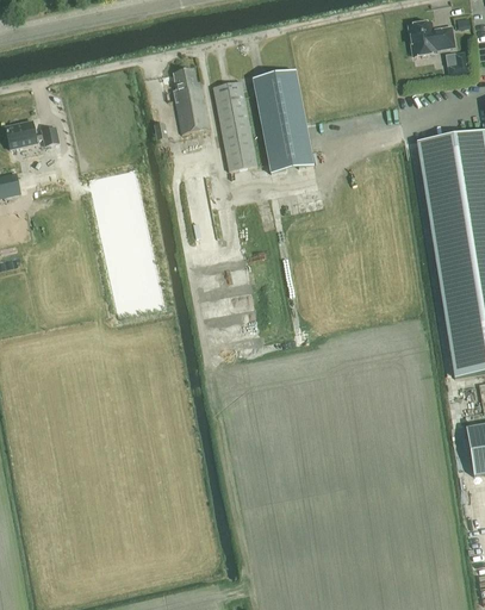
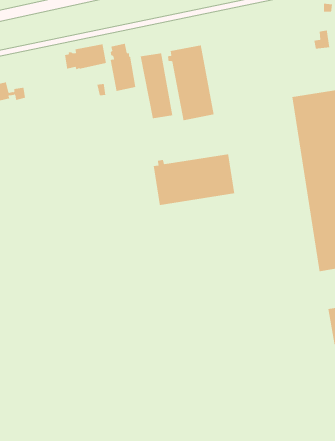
building: [406,19,456,56] -> none
building: none -> [64,44,106,70]
building: none -> [153,153,235,206]

